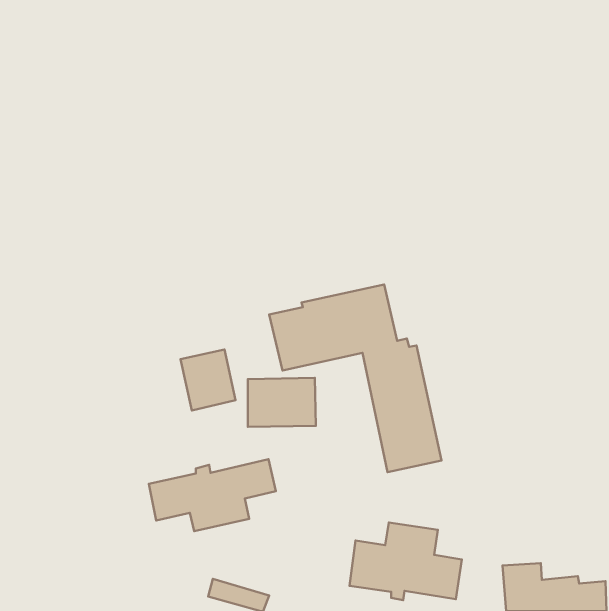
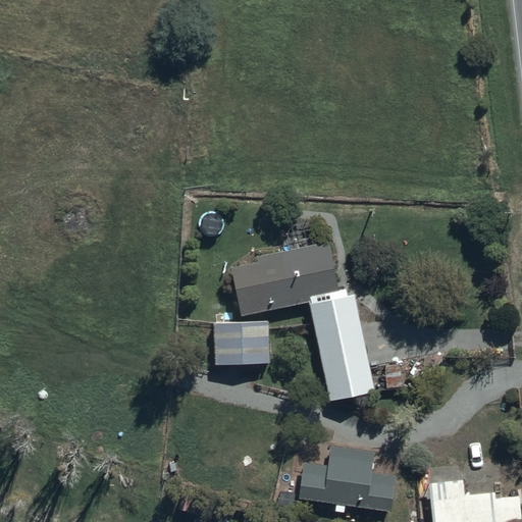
building: [181,350,236,410] -> none
building: [149,459,276,531] -> none

